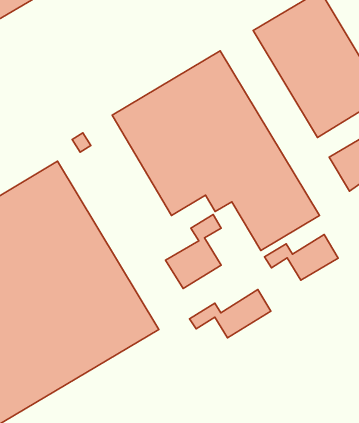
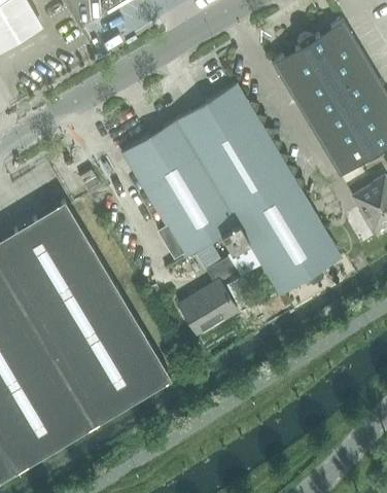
building: [264,235,338,280] -> none
building: [190,289,271,338] -> none

